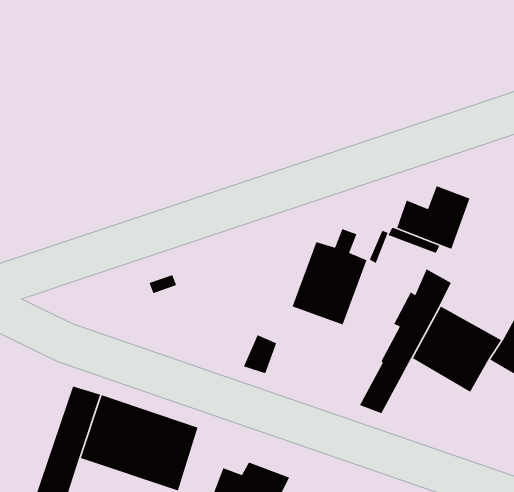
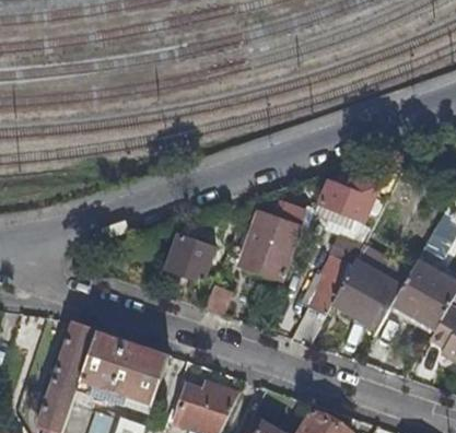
building: none -> [165,234,213,281]

